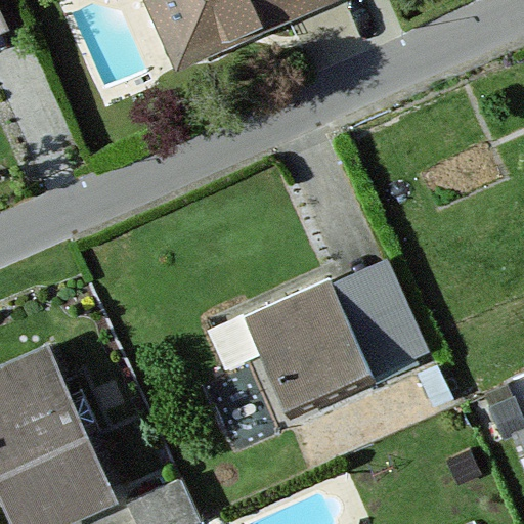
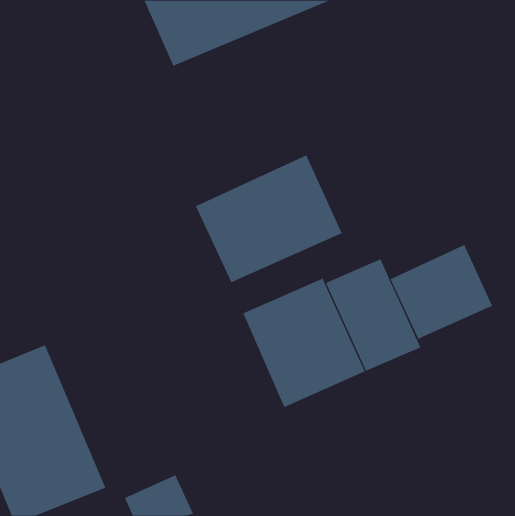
building: none -> [195,154,342,283]
building: none -> [390,244,493,340]

